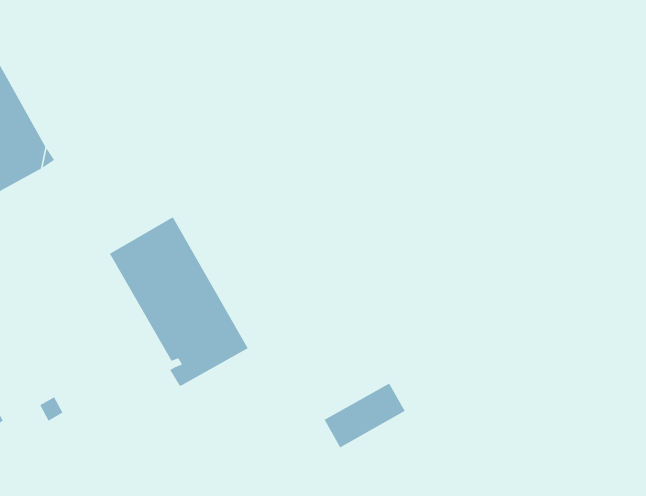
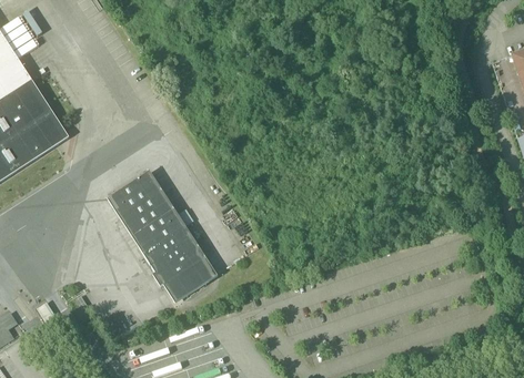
building: [324,382,406,448] -> [163,256,219,303]

